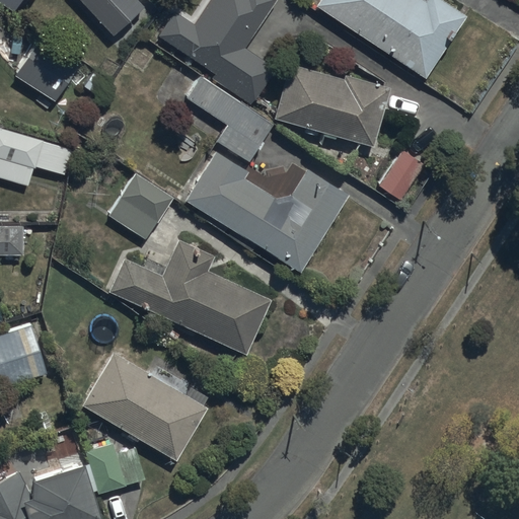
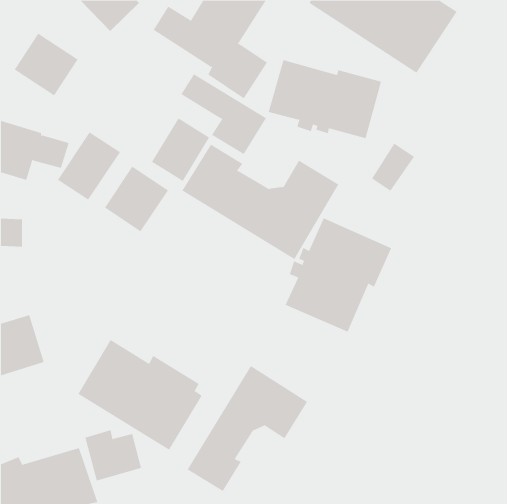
building: none -> [151,118,210,182]
building: none -> [57,131,121,200]
building: none -> [285,217,392,332]
building: [107,239,272,354] -> none
building: none -> [187,365,308,492]

